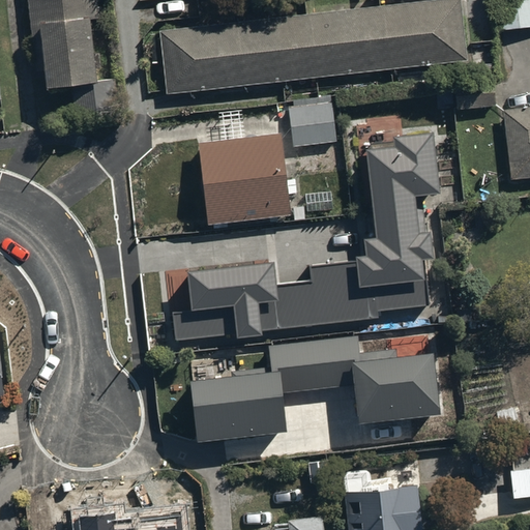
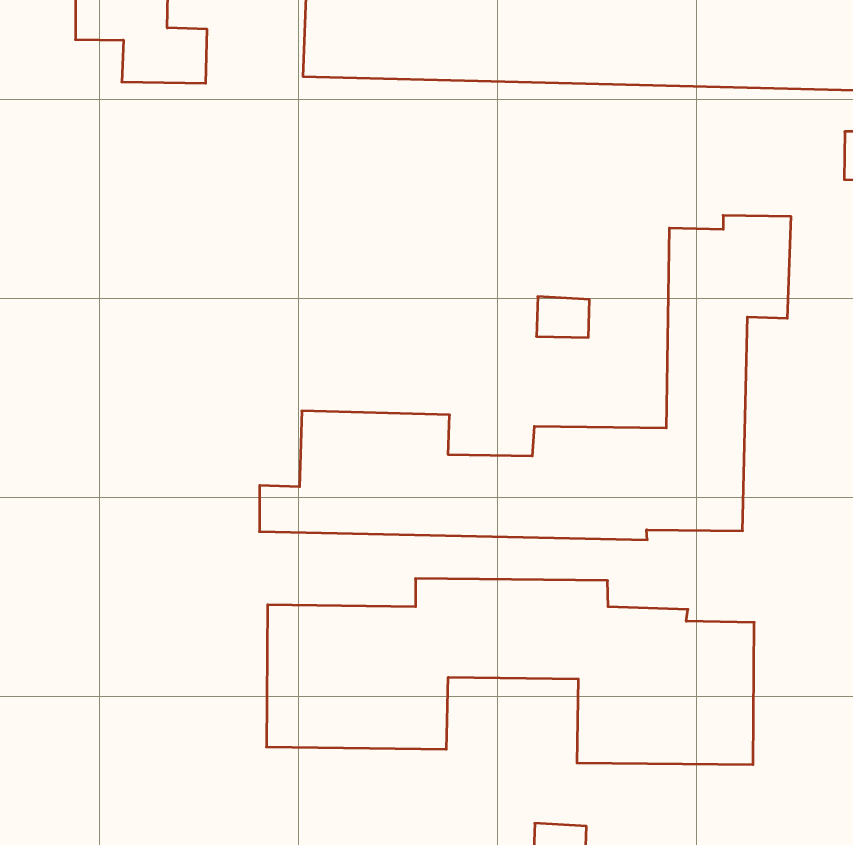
building: [288,98,335,149] -> none
building: [198,136,290,230] -> none

